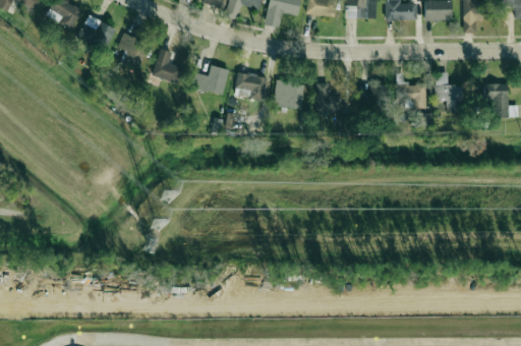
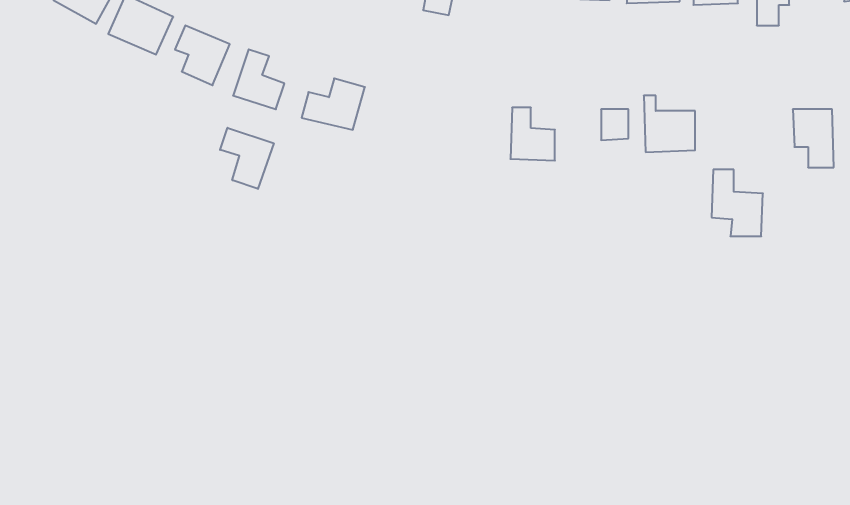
building: [235,71,267,99] -> none
building: [435,71,465,111] -> [712,170,763,236]
building: [274,81,304,109] -> none
building: none -> [220,128,274,189]

